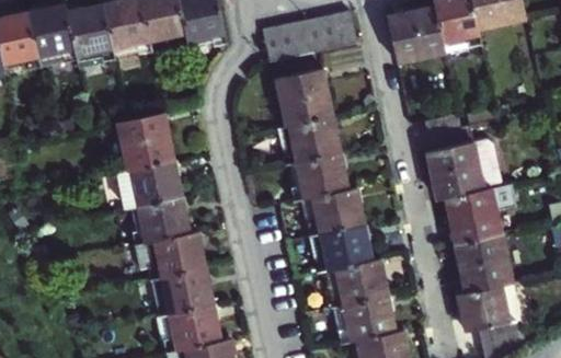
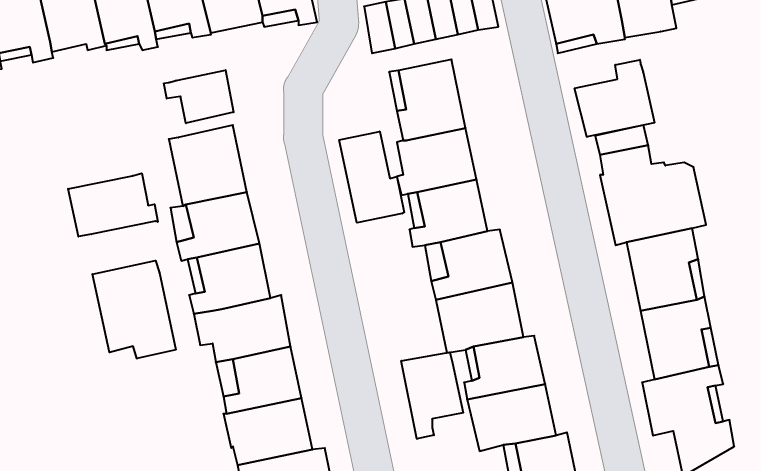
building: none -> [575,60,654,137]
building: none -> [164,70,234,123]
building: none -> [339,131,404,223]
building: none -> [68,173,158,237]
building: none -> [92,261,176,359]
building: none -> [401,352,463,439]

